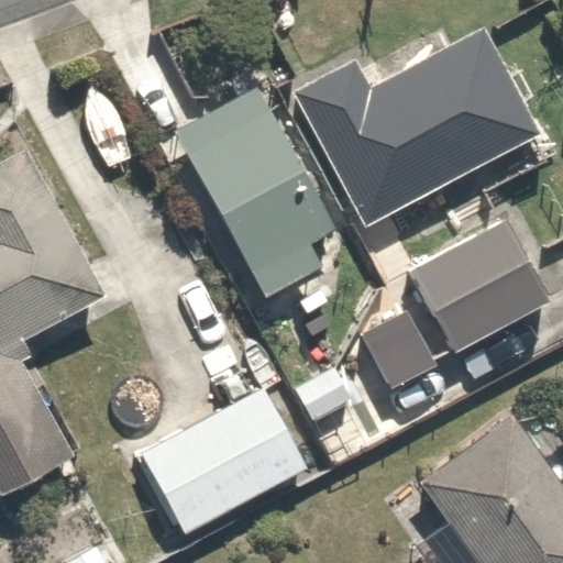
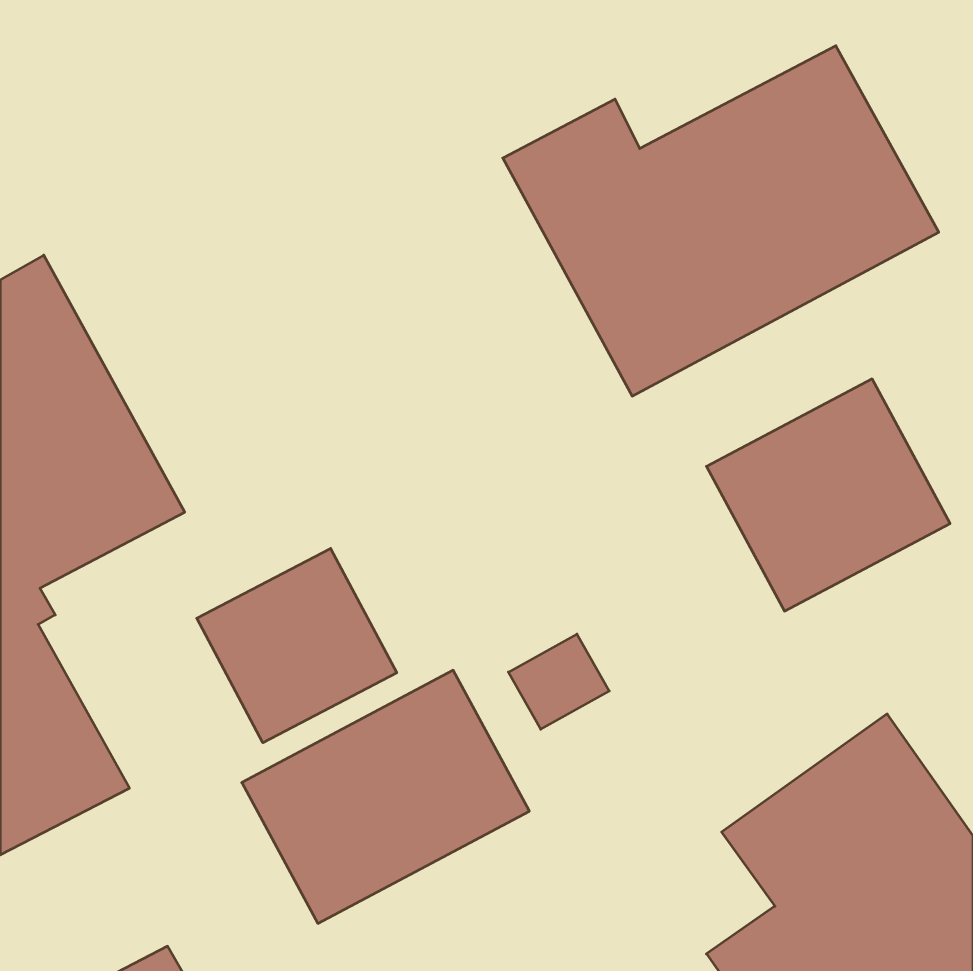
building: [174,86,335,299] -> none
building: none -> [197,548,397,743]

